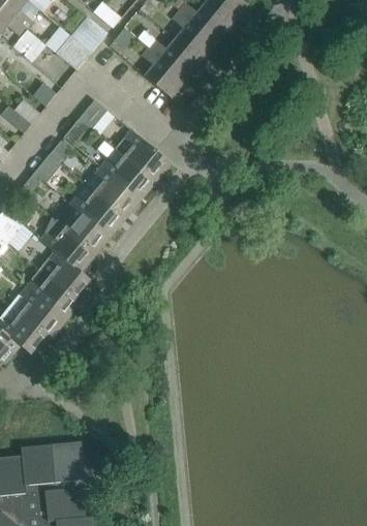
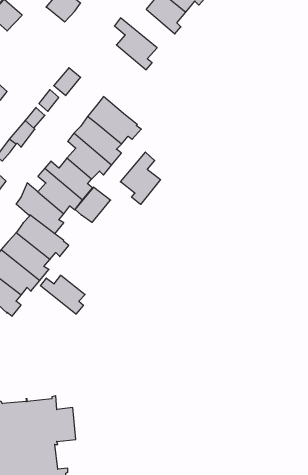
building: [57,36,90,69] -> none
building: [148,38,205,79] -> none
building: none -> [120,152,160,204]
building: none -> [75,187,111,222]
building: none -> [40,275,85,314]

